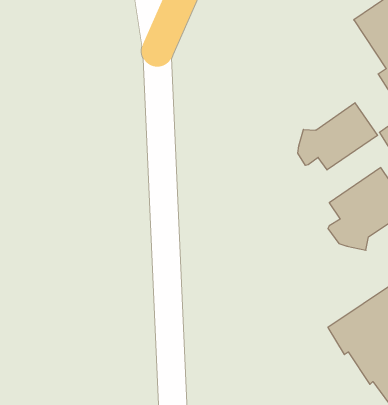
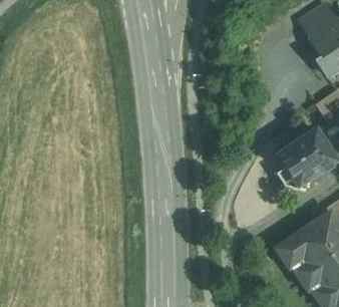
building: [298,103,378,170] -> none

